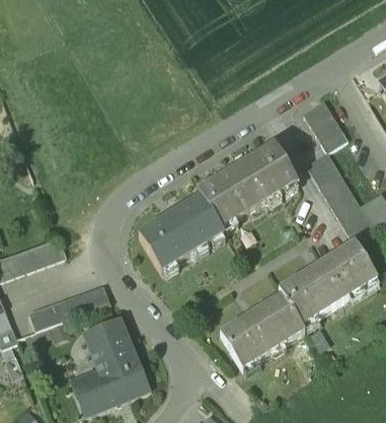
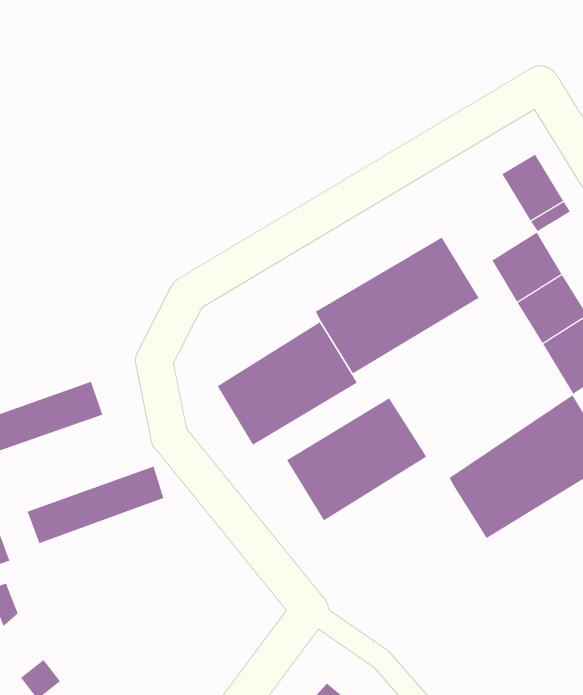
building: [218,298,302,372] -> [286,397,427,521]
building: [71,323,143,414] -> none

